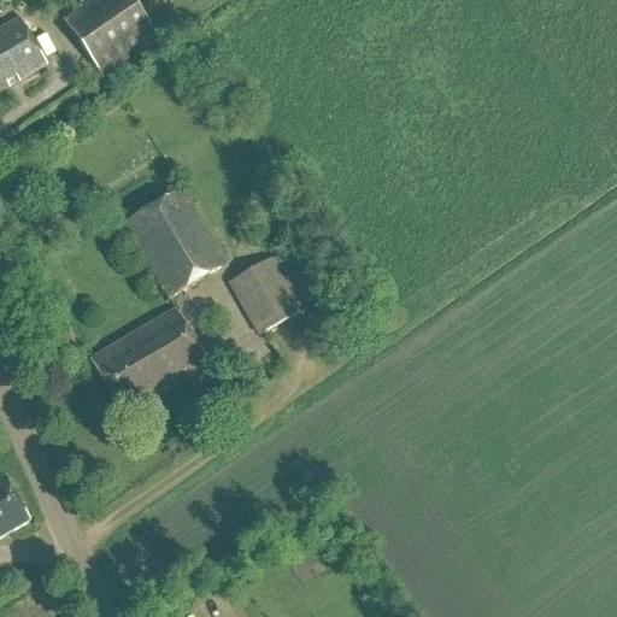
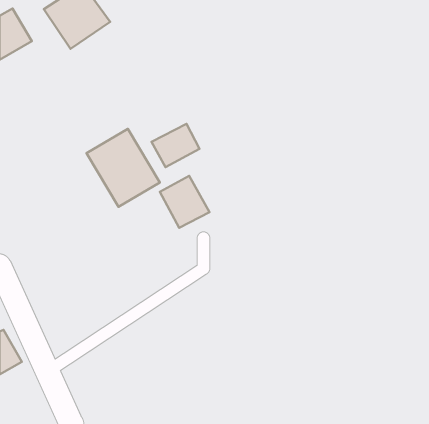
building: none -> [152,124,199,167]
building: [89,305,206,400] -> none

